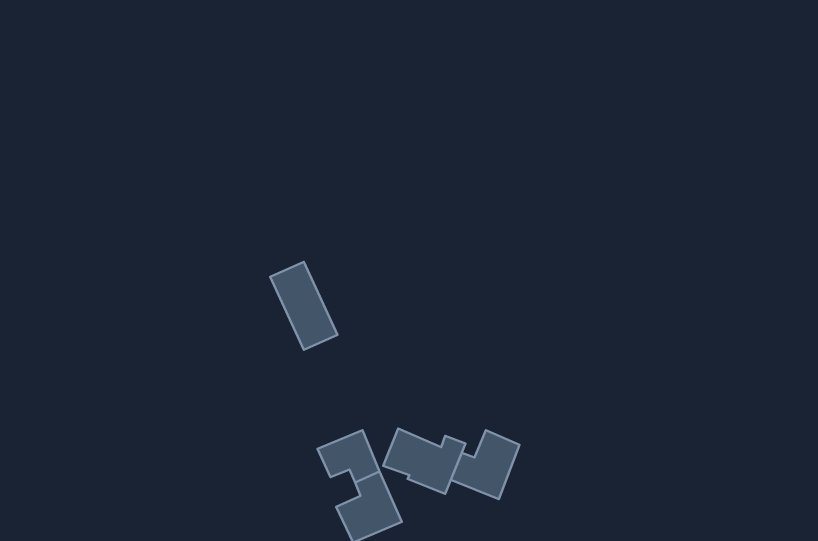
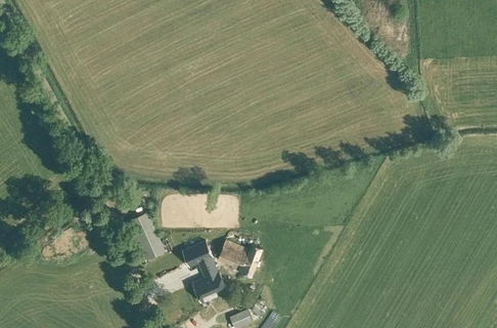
building: [270,262,338,350] -> [127,212,164,260]
building: [451,430,520,499] -> none

